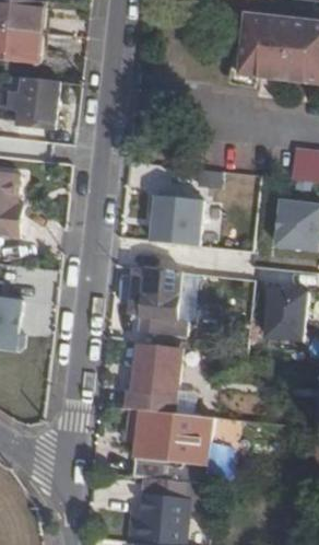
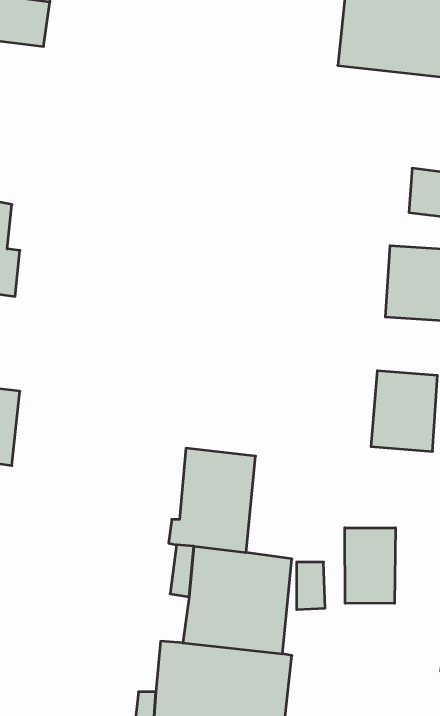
building: [16,77,59,128] -> none
building: [144,196,205,246] -> none
building: [128,267,184,331] -> none
building: none -> [345,528,395,603]

